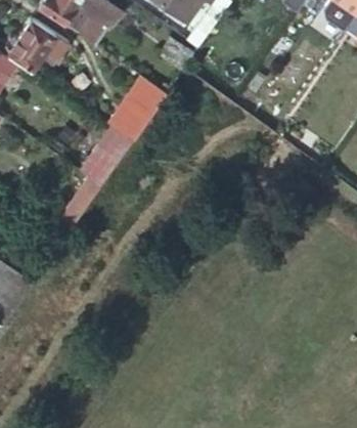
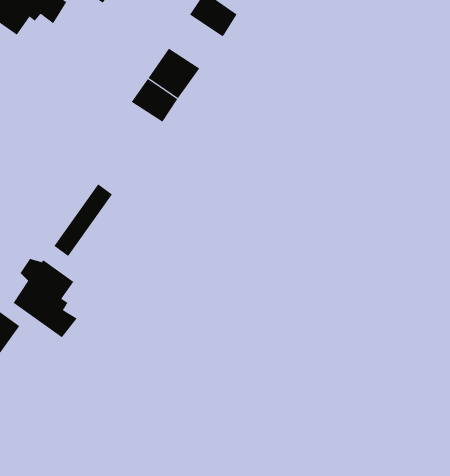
building: [82,128,133,186] -> none
building: none -> [13,258,77,338]

